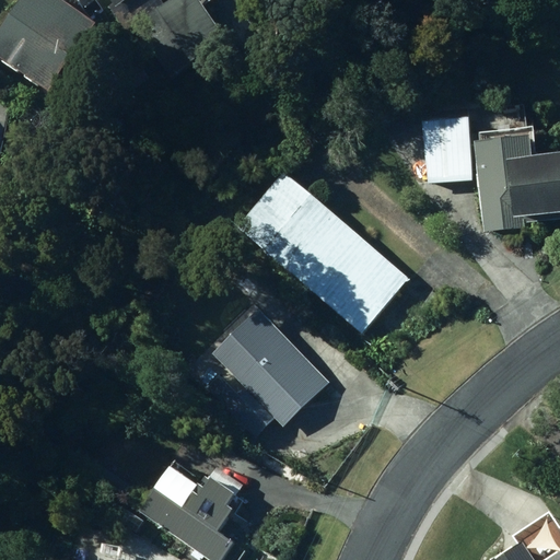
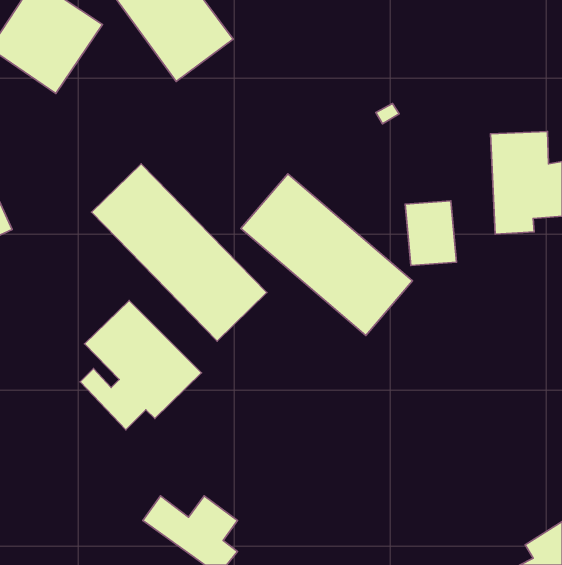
building: [422,117,472,180] -> [405,201,456,266]
building: none -> [91,164,267,341]
building: [208,308,327,435] -> [80,301,202,430]

